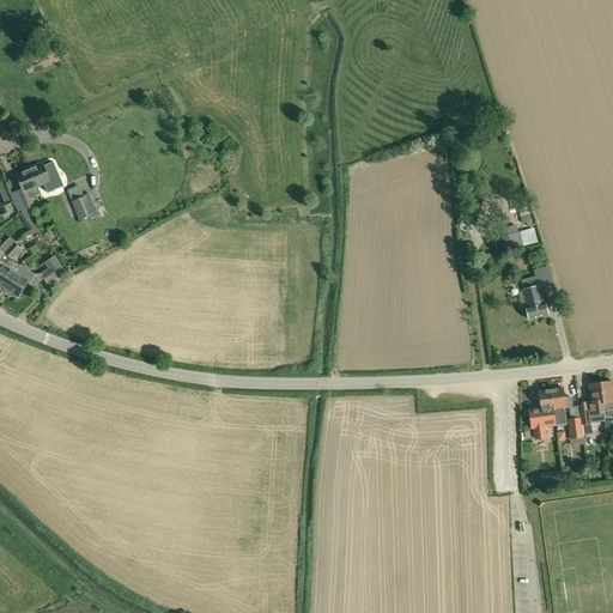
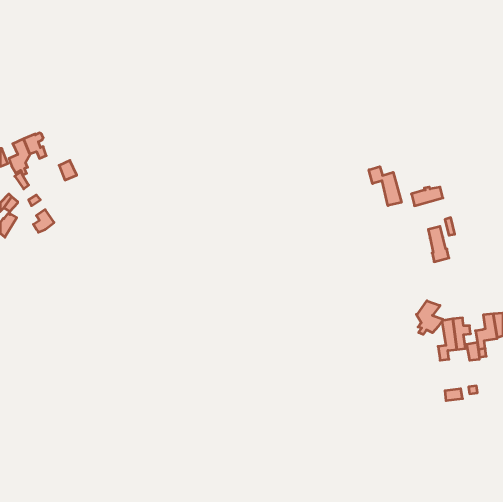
building: none -> [369,167,401,206]
building: [6,265,44,296] -> none
building: none -> [416,301,443,334]

